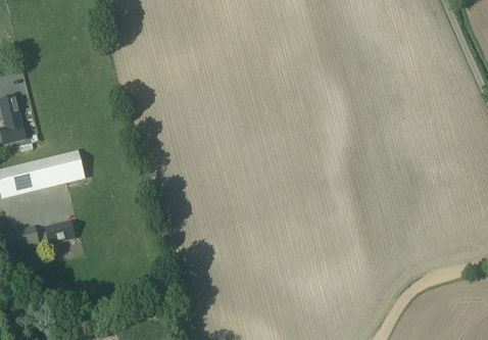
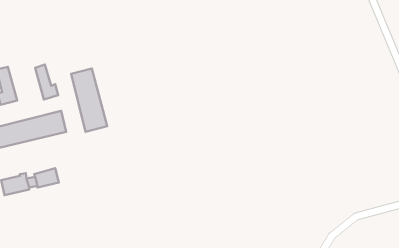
building: none -> [35,64,58,100]
building: none -> [71,69,107,132]

